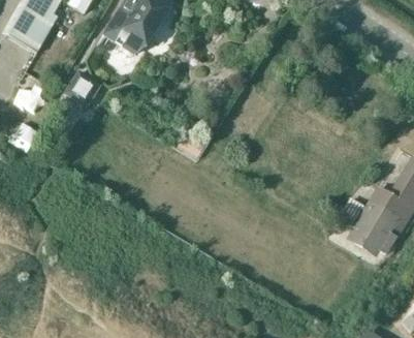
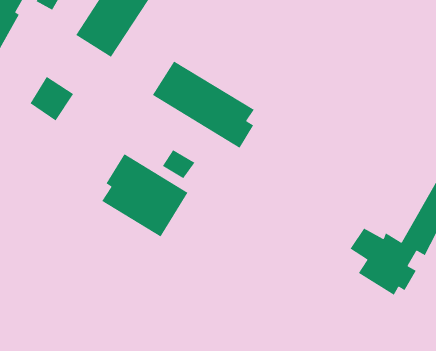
building: none -> [152,60,255,149]
building: none -> [101,153,189,237]

